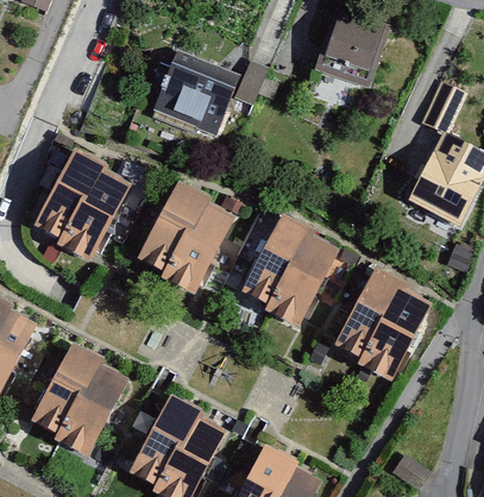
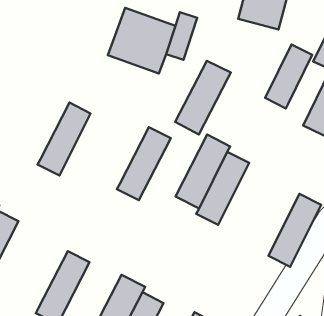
building: none -> [265,44,312,109]
building: [33,147,106,244] -> none
building: [137,180,209,276] -> [175,61,231,135]
building: [334,266,406,363] -> none
building: [31,341,103,438] -> none

